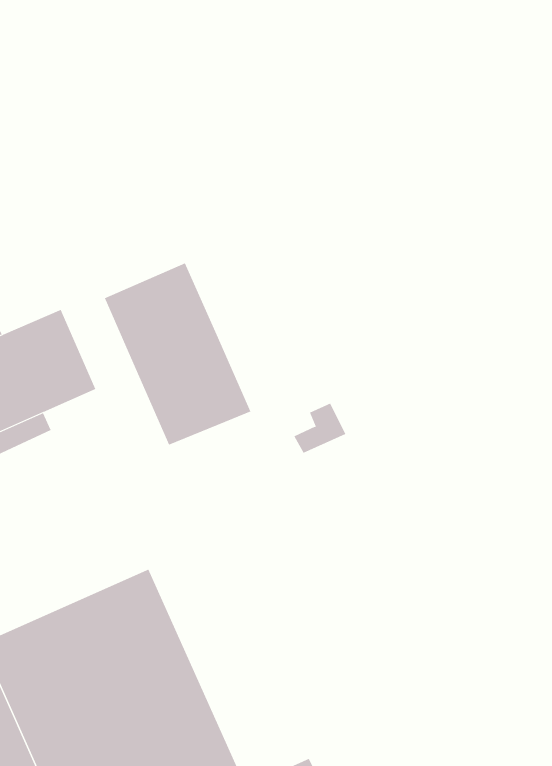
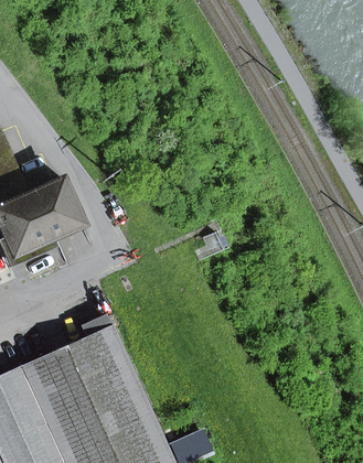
building: [104,262,251,446] -> none

